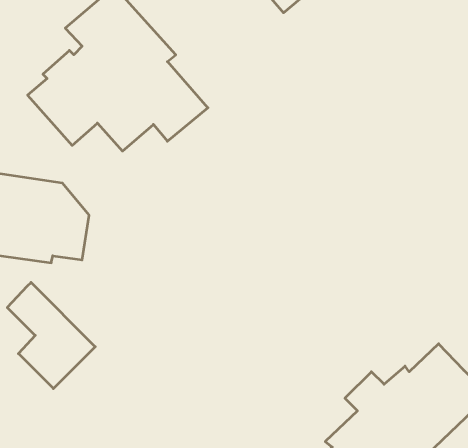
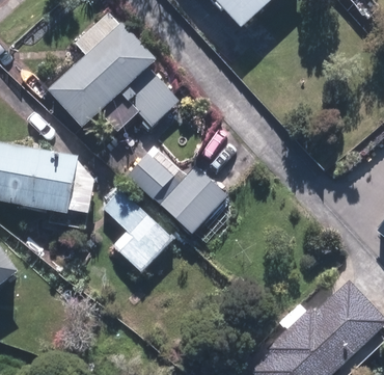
building: none -> [132,151,228,234]
building: [7,282,95,389] -> [108,190,173,269]

